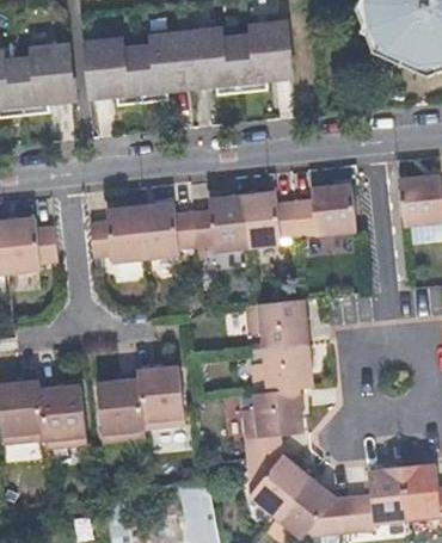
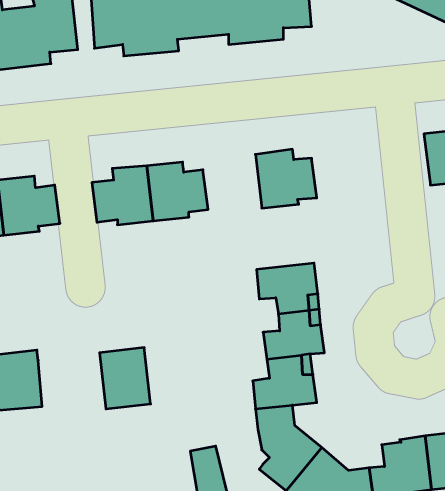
building: [295,186,358,239] -> none
building: [194,198,248,253] -> none
building: [139,366,184,422] -> none
building: [39,385,85,442] -> none

